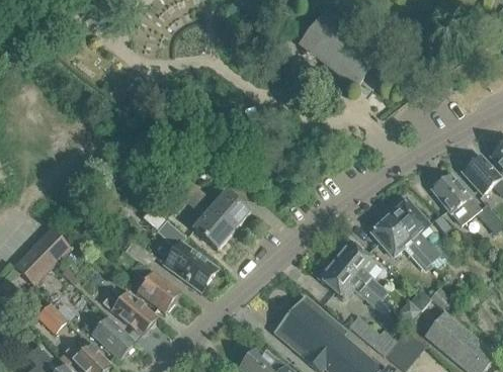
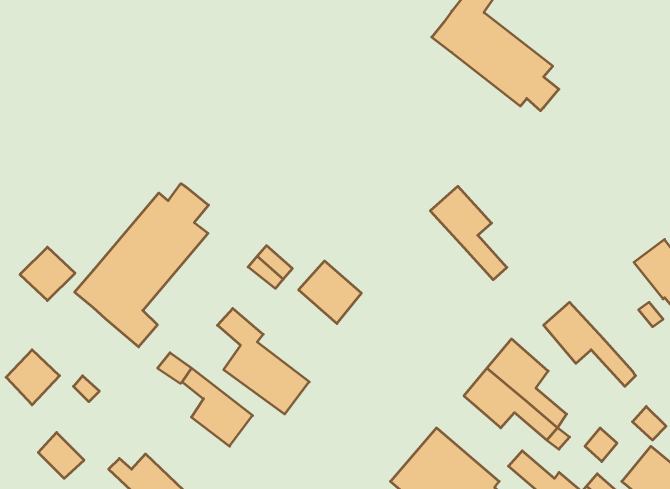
building: none -> [75,184,209,347]
building: [389,200,439,262] -> [430,186,507,280]
building: [193,208,235,250] -> none
building: [33,229,70,265] -> [20,247,75,301]
building: [101,293,156,335] -> none

